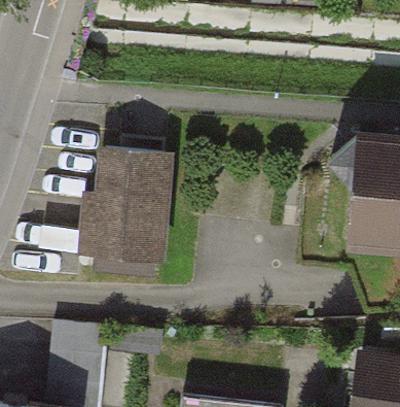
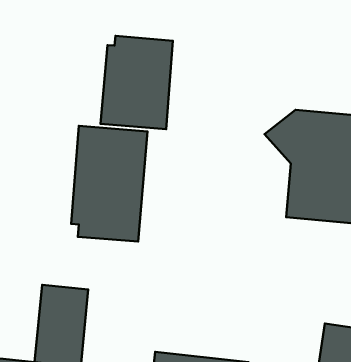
building: none -> [100,36,173,129]

